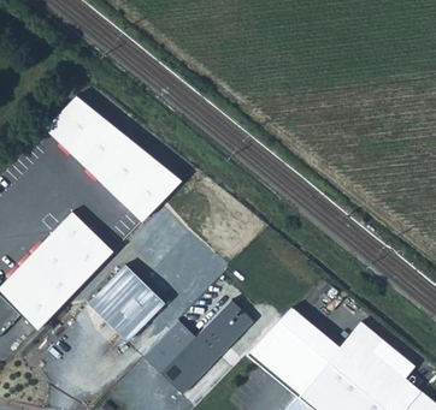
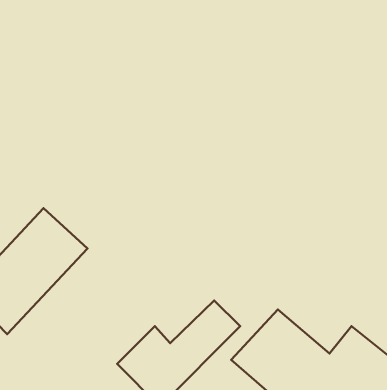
building: [43,95,183,222] -> none
building: [89,263,166,340] -> none

